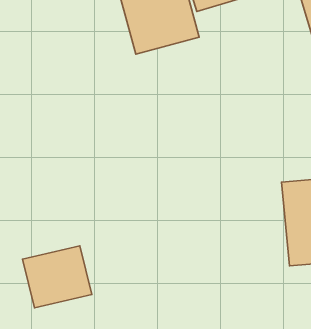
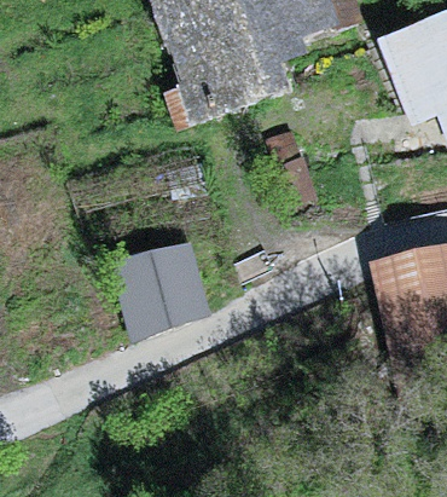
building: [22,246,92,308] -> [118,242,209,324]

